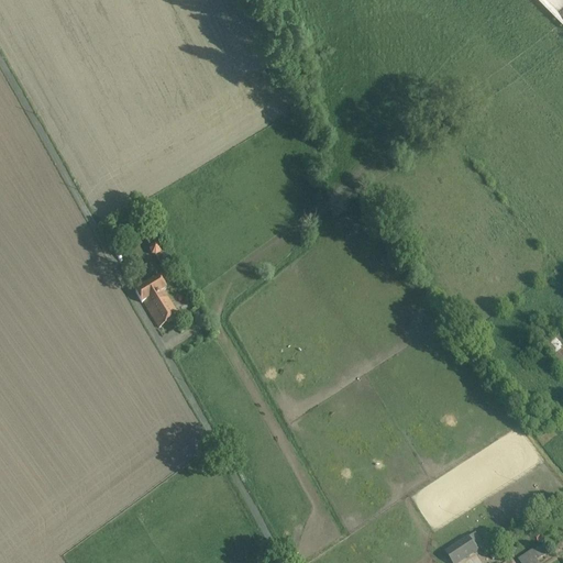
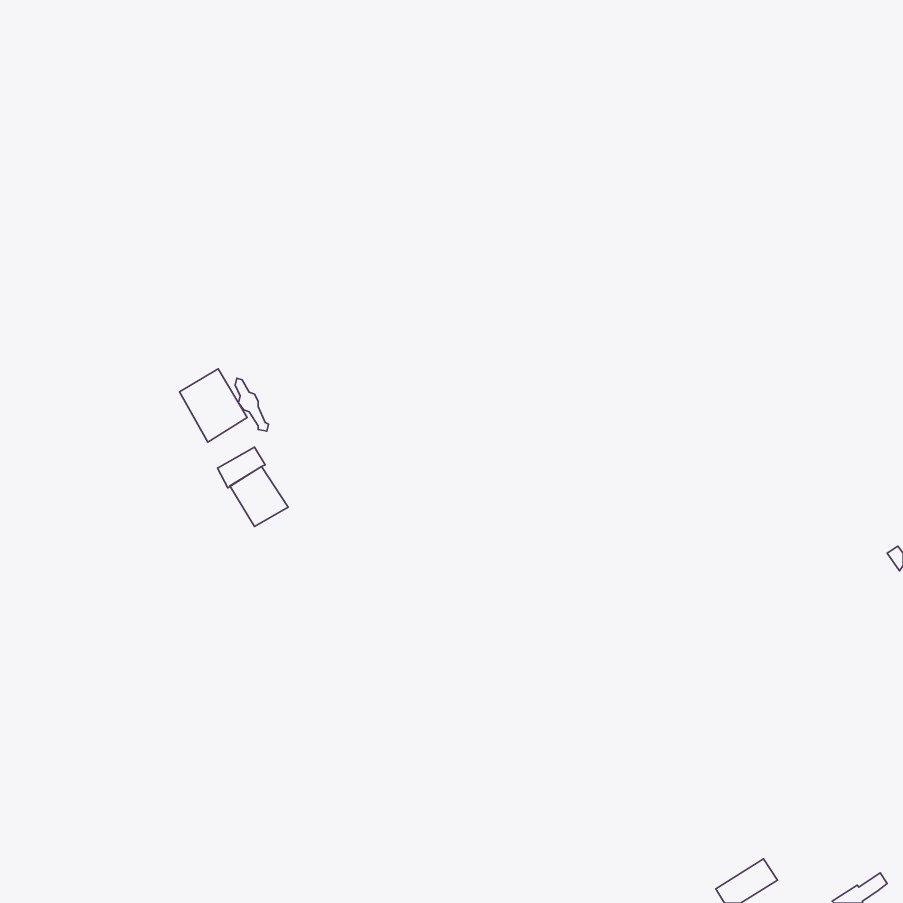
building: none -> [180,369,247,442]

